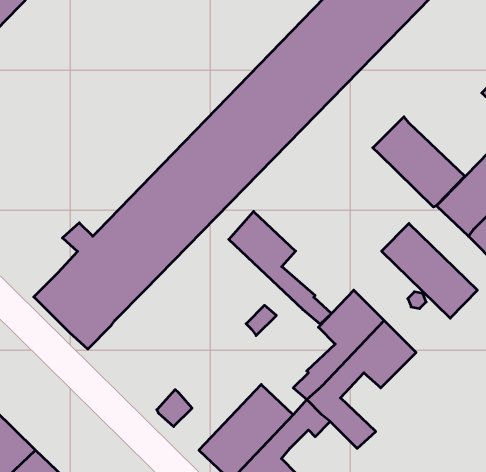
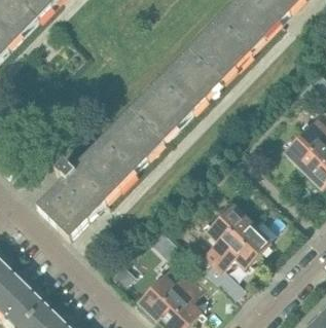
building: [373,117,465,207] -> none
building: [229,211,332,324] -> none
building: [382,223,477,318] -> none

